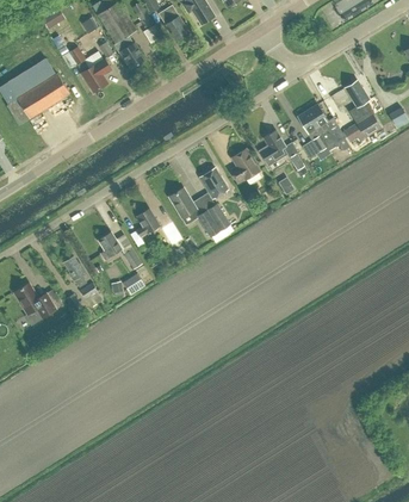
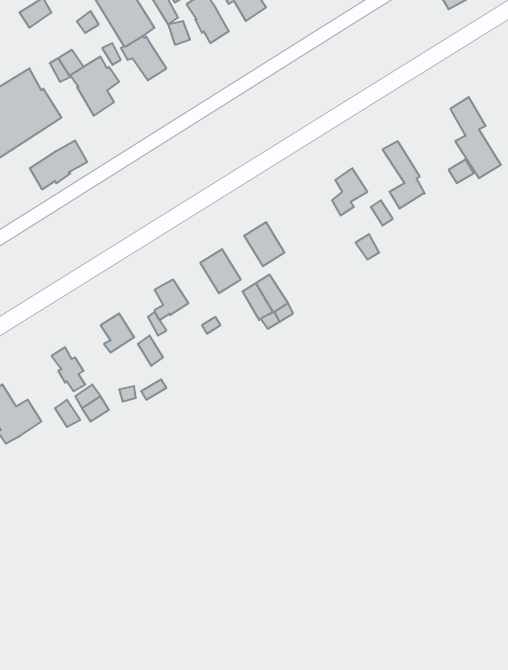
building: [308,103,343,150] -> none
building: none -> [30,141,87,189]
building: [230,148,260,181] -> none

